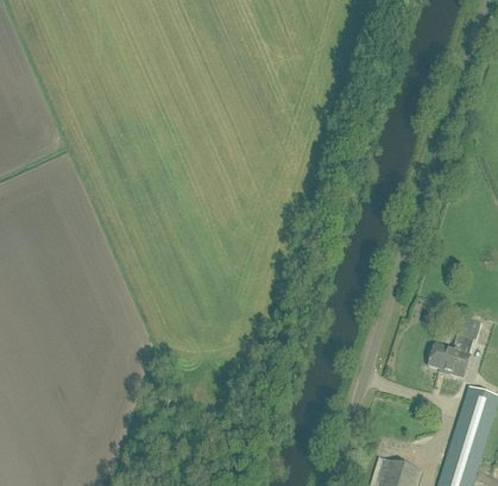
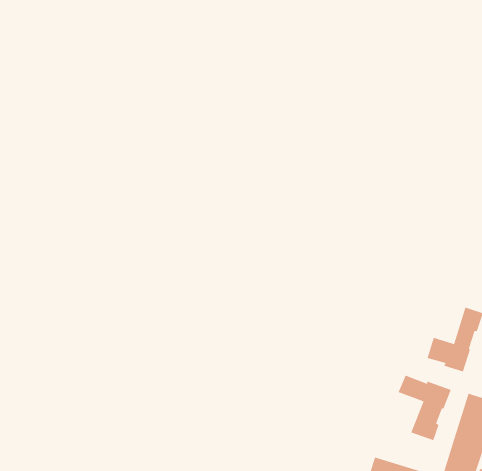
building: none -> [398,375,452,441]

